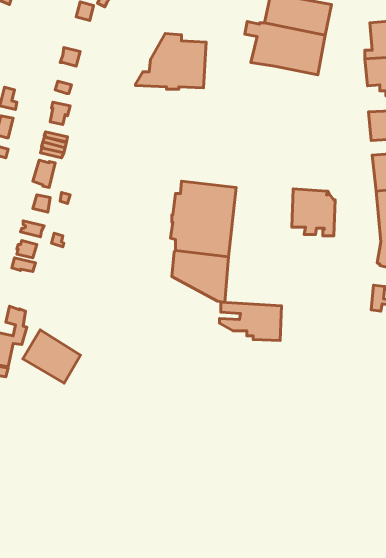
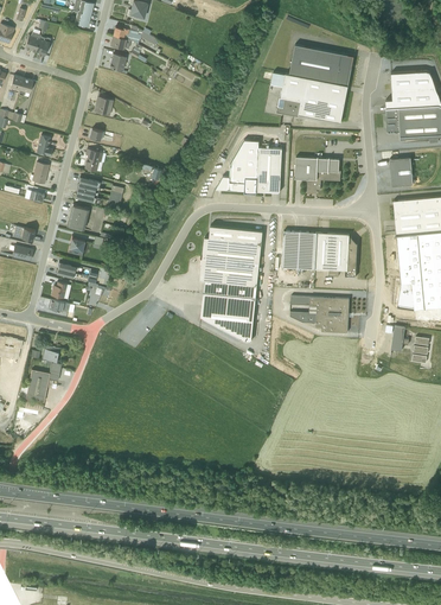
building: [136,34,206,89] -> [215,140,282,193]
building: none -> [295,157,340,193]
building: none -> [281,231,317,269]
building: [220,302,281,341] -> [289,295,349,332]
building: [23,330,81,383] -> none

